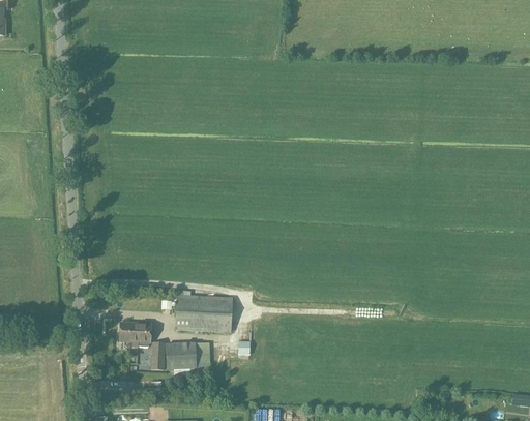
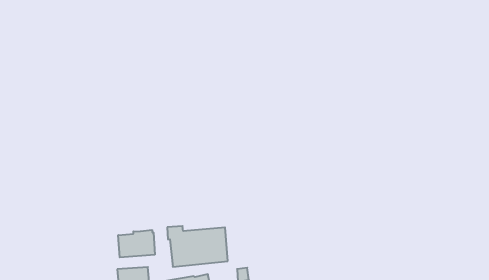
building: none -> [118,230,155,257]

